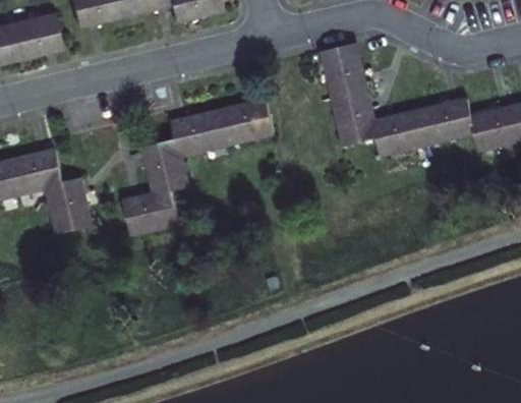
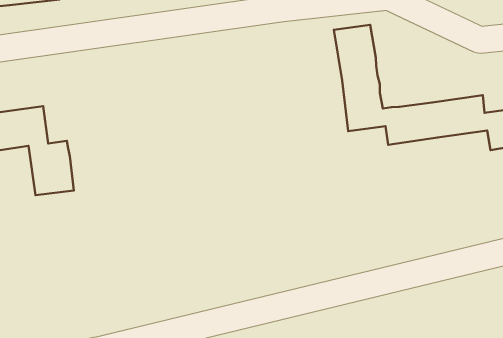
building: [123,99,275,231] -> none

